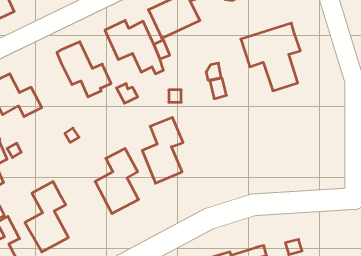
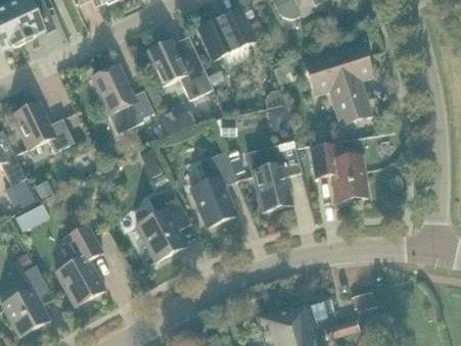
building: none -> [247,142,299,210]
building: none -> [311,145,367,201]

